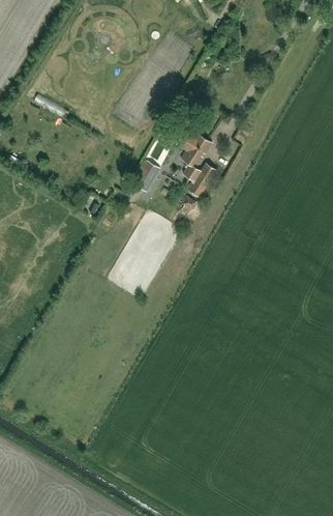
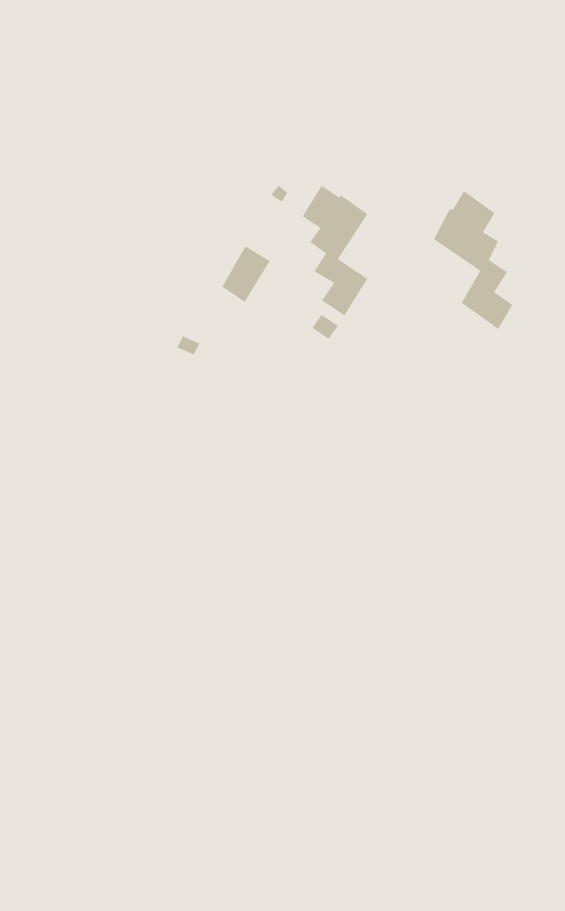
building: none -> [433,190,513,330]

